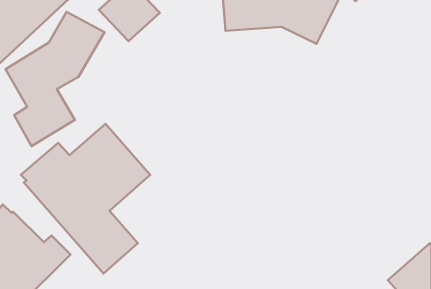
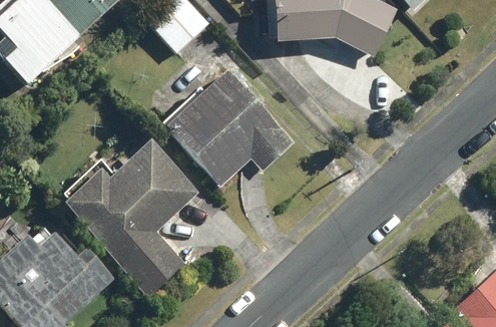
building: [5,12,104,146] -> none
building: none -> [160,66,295,190]

